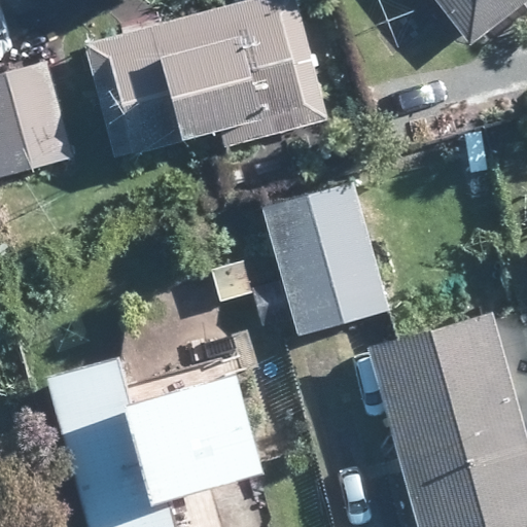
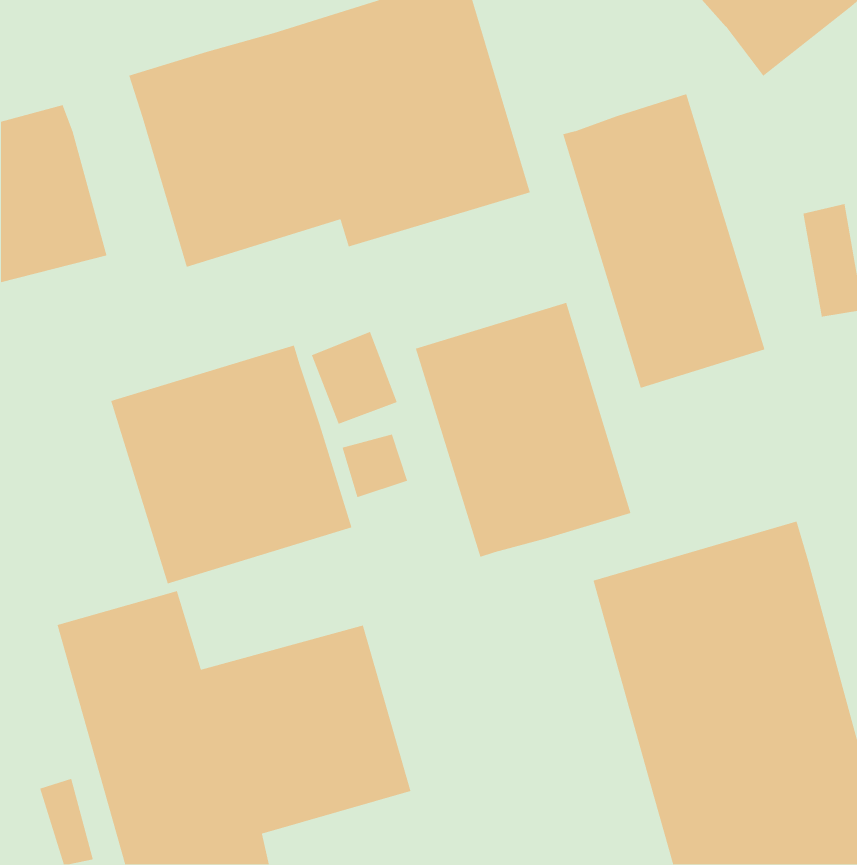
building: none -> [562,93,766,389]
building: none -> [110,345,353,584]

